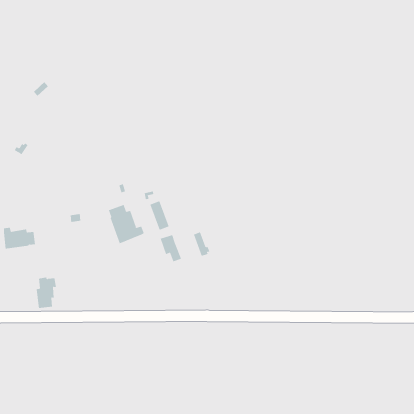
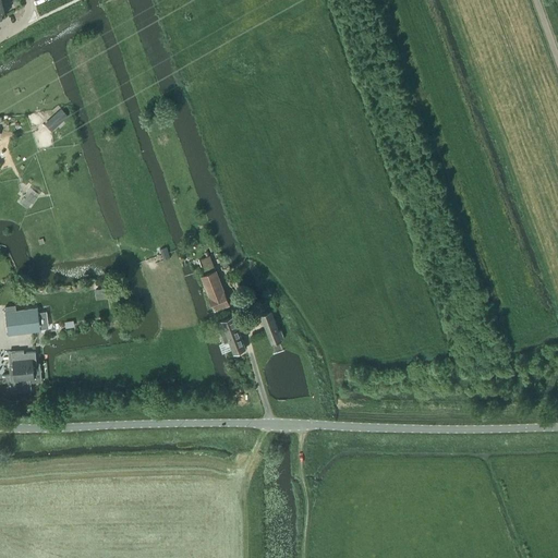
building: [108,204,145,244] -> none
building: [36,277,57,309] -> [8,351,36,393]

